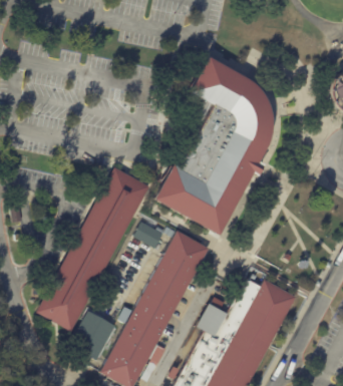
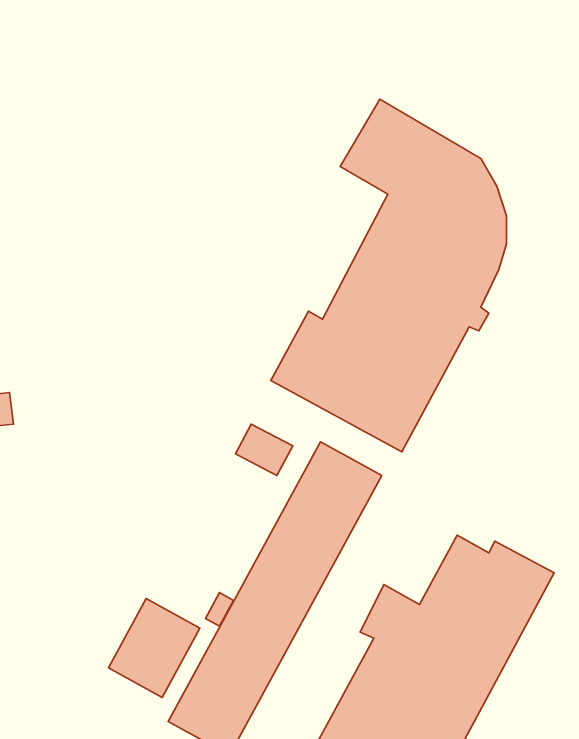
building: [36,167,150,331] -> none

